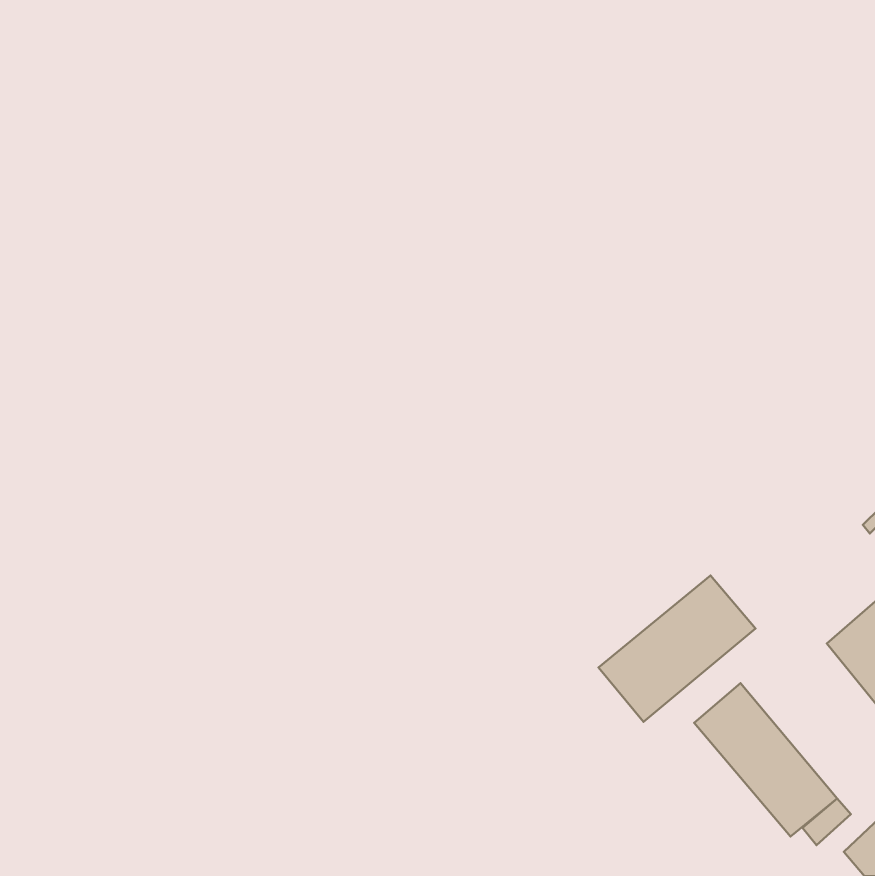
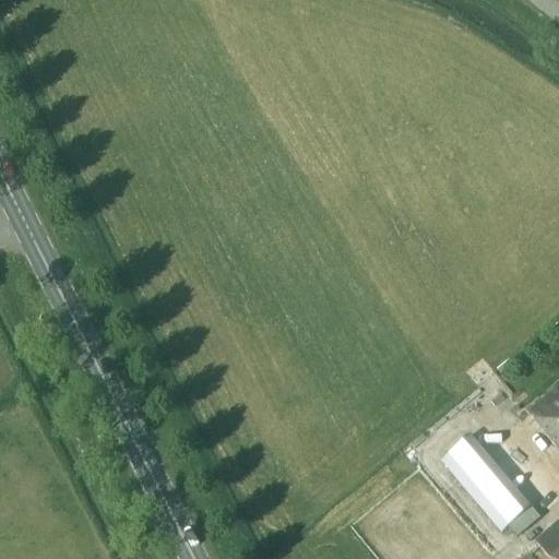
building: [598,576,756,722] -> none

